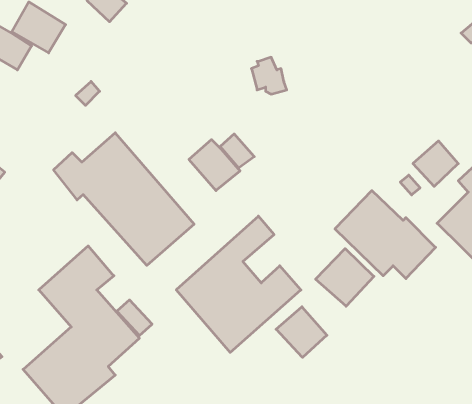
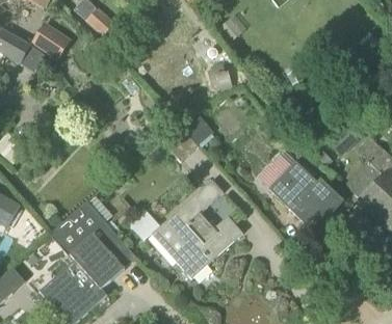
building: [54,133,194,265] -> none
building: [316,249,374,306] -> none
building: [276,307,327,357] -> none

